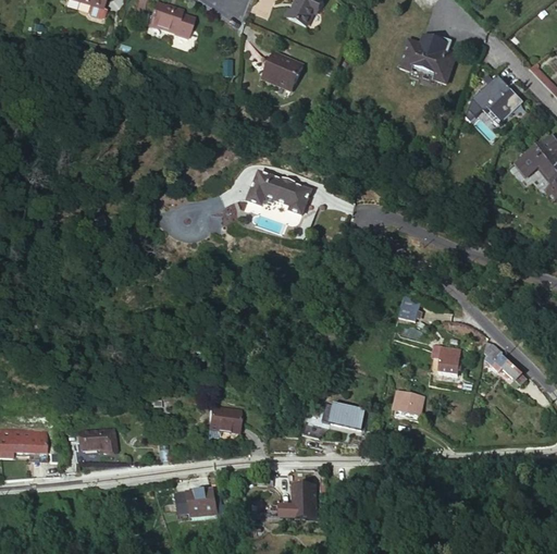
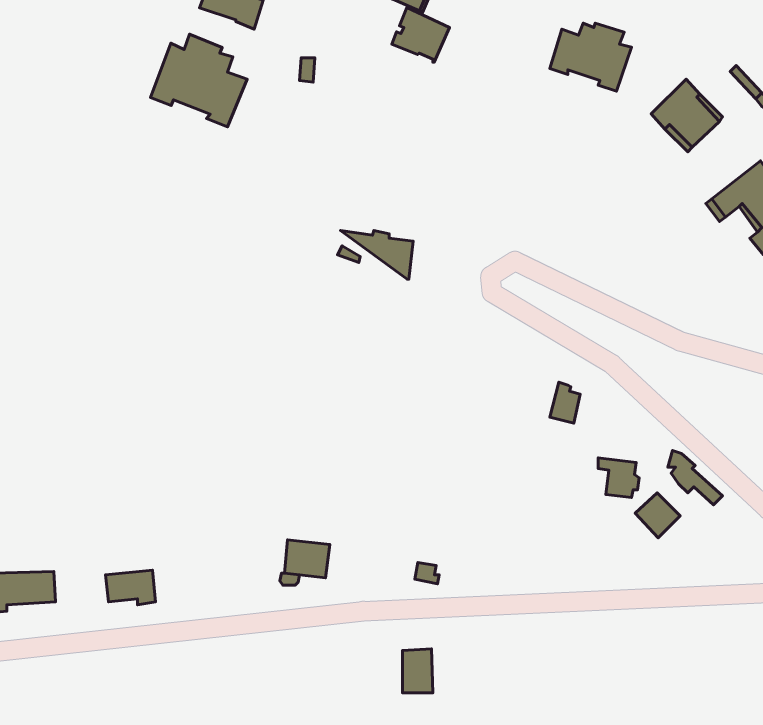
building: none -> [150,34,247,127]
building: [261,51,302,90] -> [392,8,449,62]
building: none -> [635,493,680,538]
building: [396,390,424,419] -> none
building: [323,401,364,428] -> none
building: [175,485,222,514] -> none

